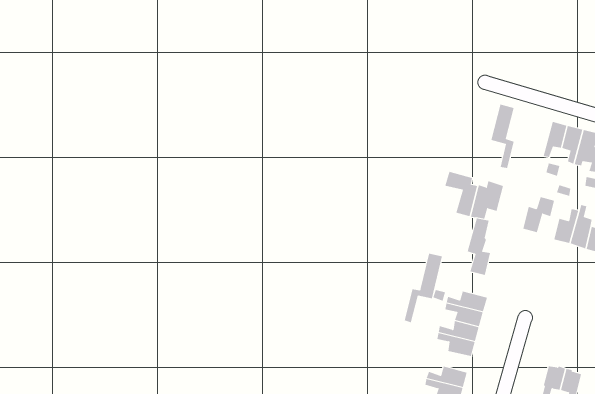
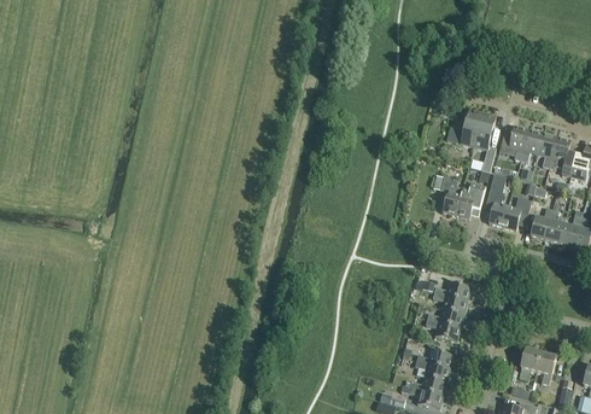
building: none -> [452,110,481,146]
building: none -> [499,126,528,161]
building: [467,218,491,276] -> [485,174,507,226]
building: [404,253,443,323] -> none

